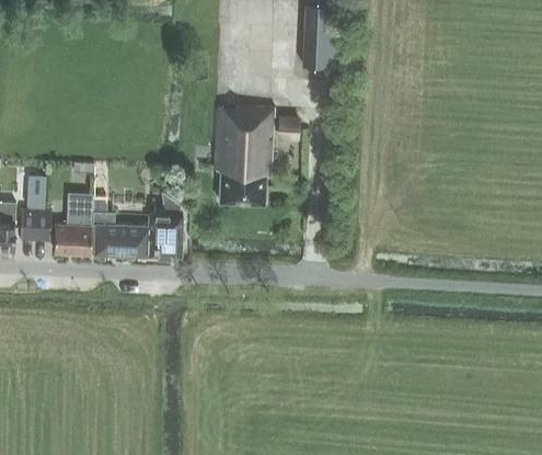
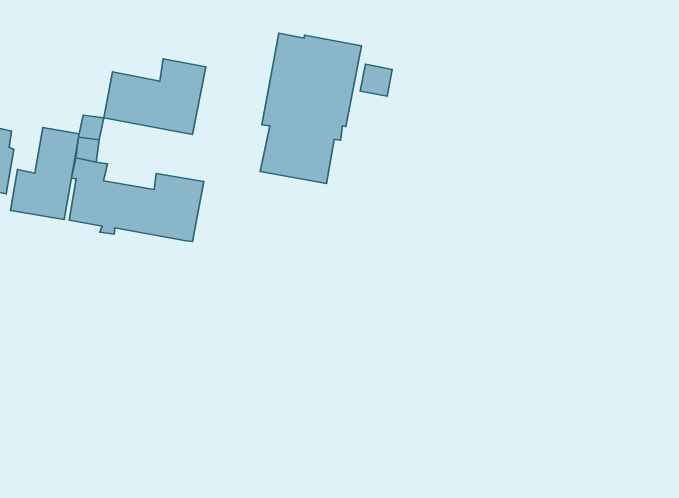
building: none -> [104,59,206,135]

